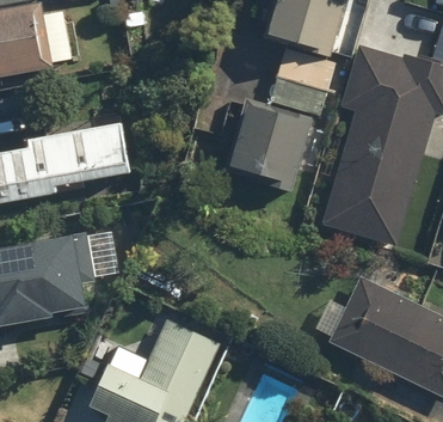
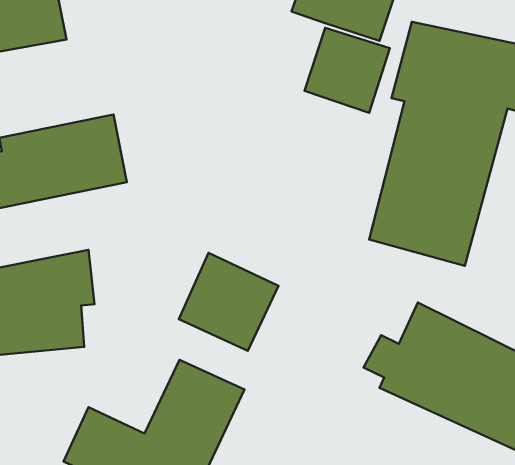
building: [221,98,314,192] -> none
building: none -> [179,253,278,351]

